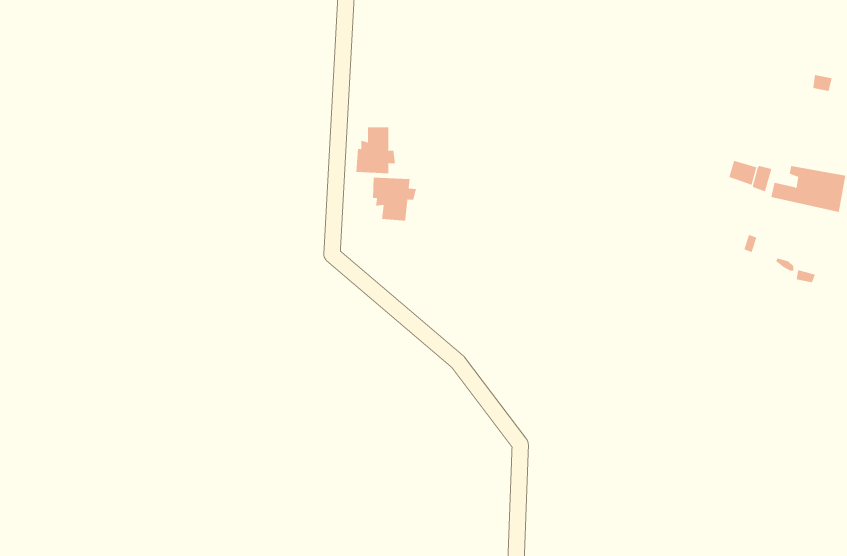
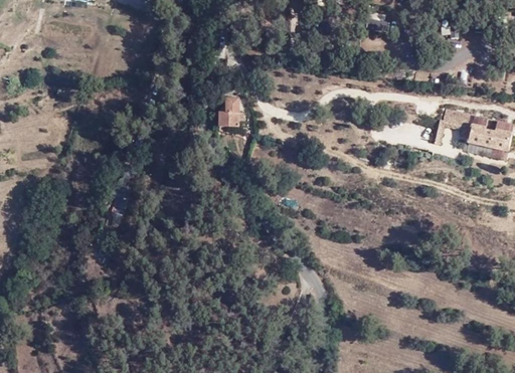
building: [373,177,417,222] -> none

